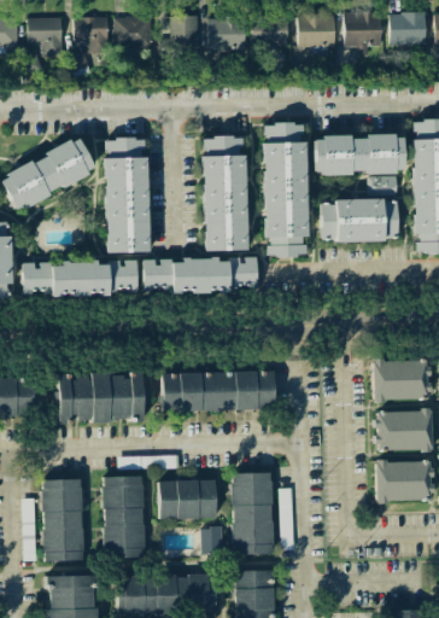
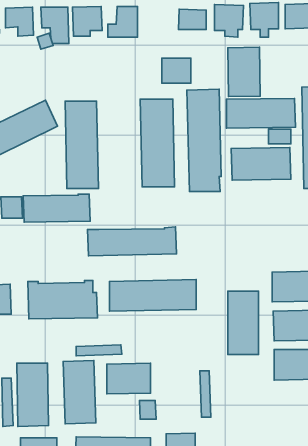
building: [209,17,246,49] -> [162,58,191,83]
building: none -> [228,47,260,97]
building: [142,256,258,293] -> [87,227,177,256]
building: [233,472,273,554] -> [228,291,259,354]

